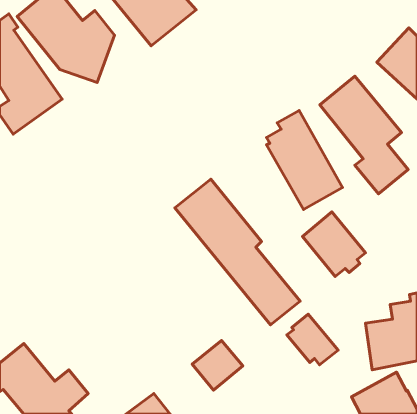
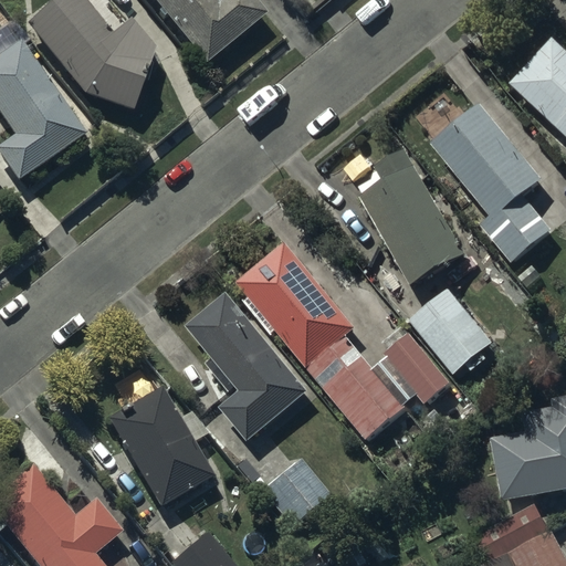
building: none -> [187,291,310,439]
building: none -> [106,386,213,507]
building: [287,314,338,365] -> [380,334,450,402]

